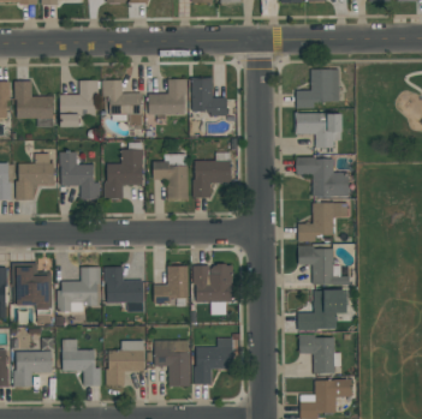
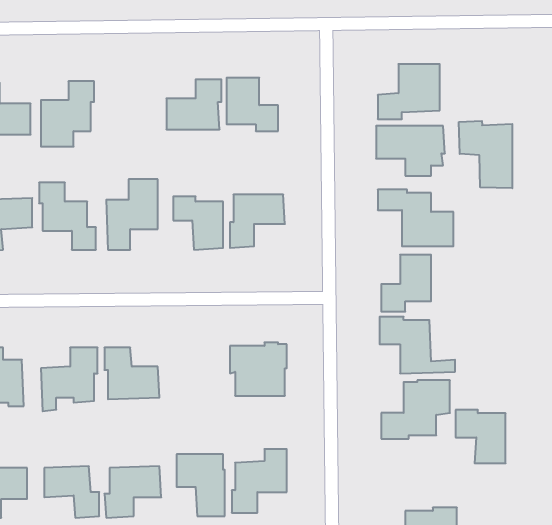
building: [103,79,142,125] -> none
building: none -> [459,121,512,188]
building: [154,265,188,301] -> none
building: [299,334,334,371] -> [456,410,506,463]

